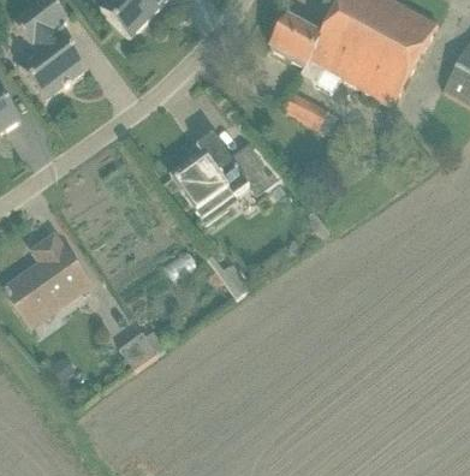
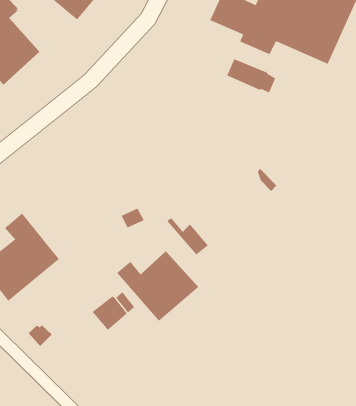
building: [171,133,281,218] -> none
building: none -> [116,251,199,322]

